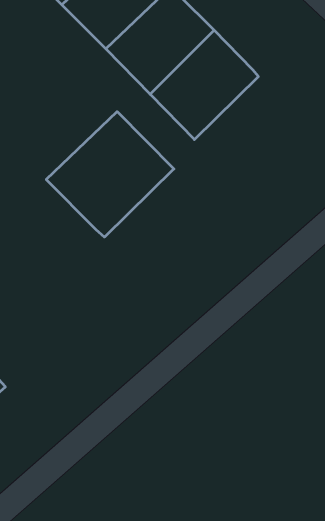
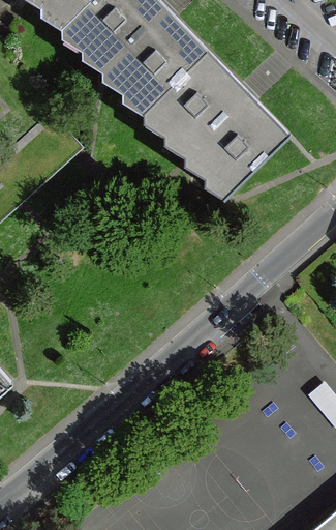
building: none -> [186,92,287,194]
building: [46,112,174,237] -> none

